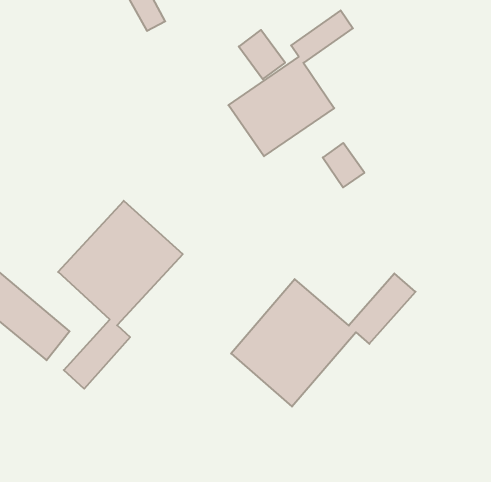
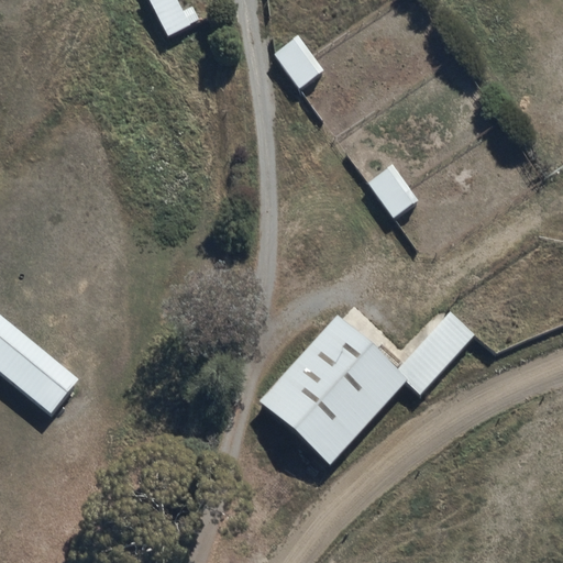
building: [228,10,353,156] -> none
building: [58,201,183,389] -> none

